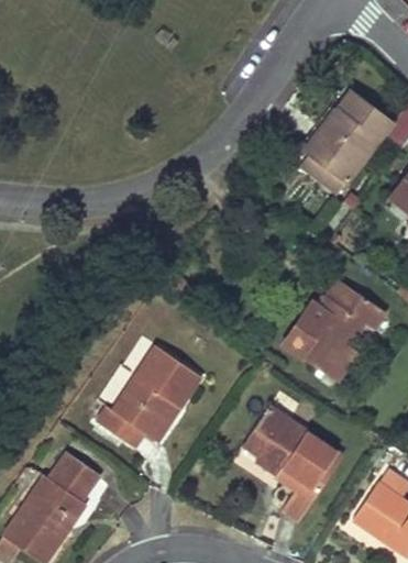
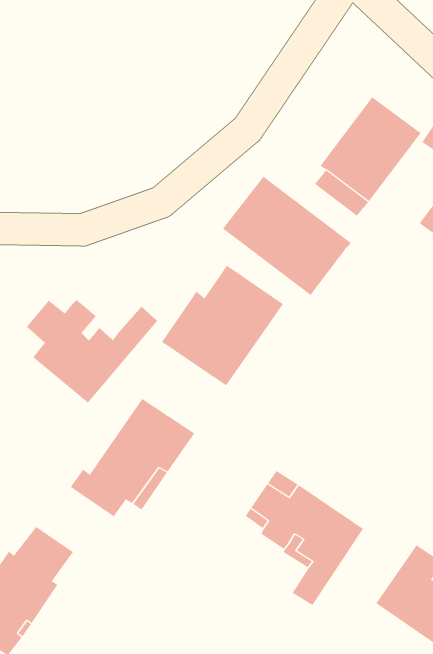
building: none -> [222,176,352,296]
building: none -> [26,299,158,403]
building: [283,279,386,382] -> [161,265,284,386]

